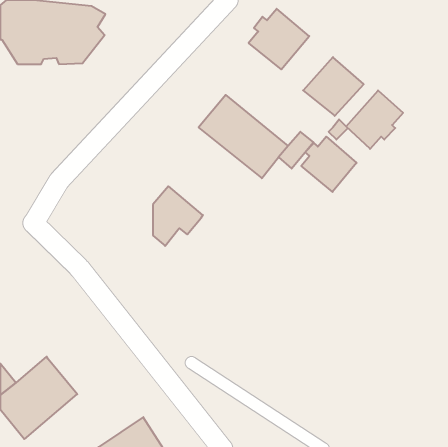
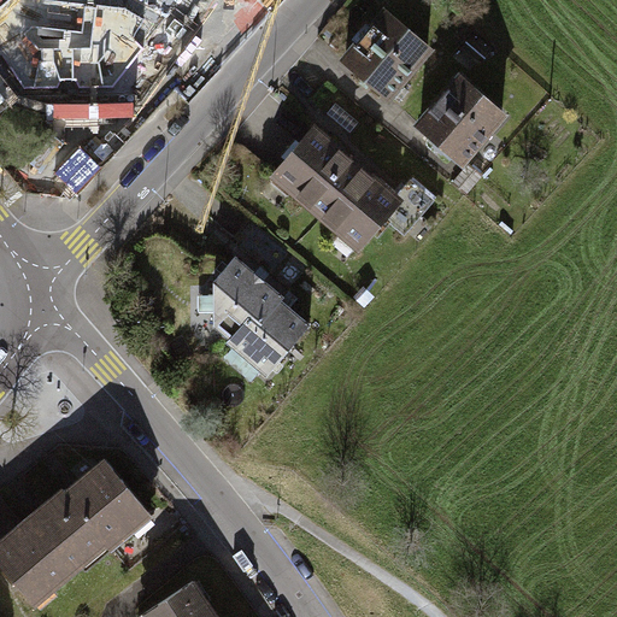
building: [346,90,403,149] -> none
building: [301,137,357,192] -> none
building: none -> [224,301,307,377]
building: none -> [67,462,152,548]

